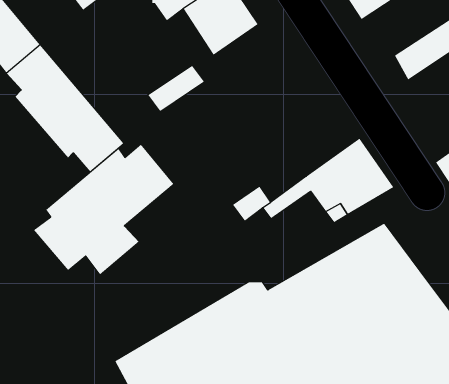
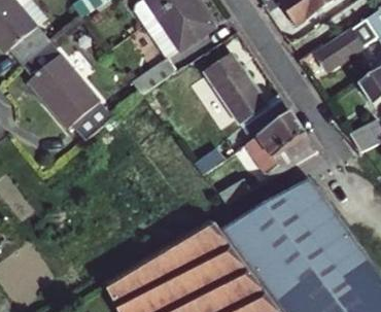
building: none -> [202,56,290,143]
building: [33,144,174,275] -> none

